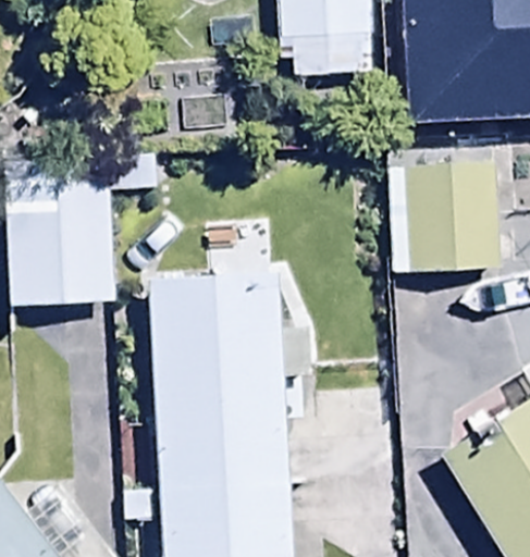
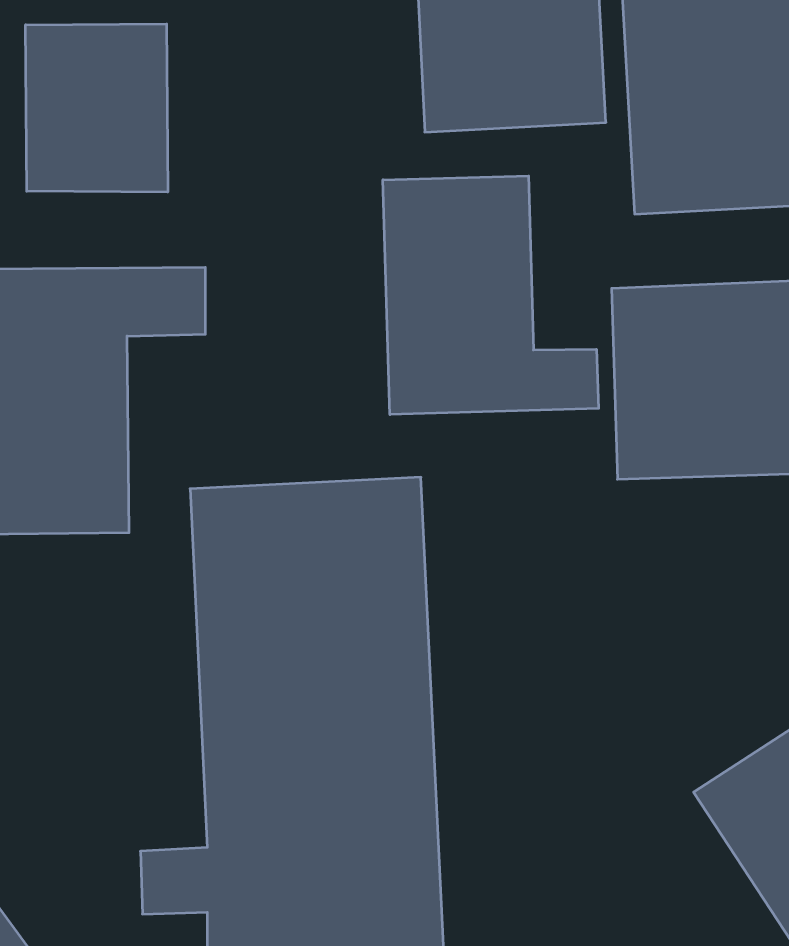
building: none -> [26,24,168,192]
building: none -> [383,176,599,415]

